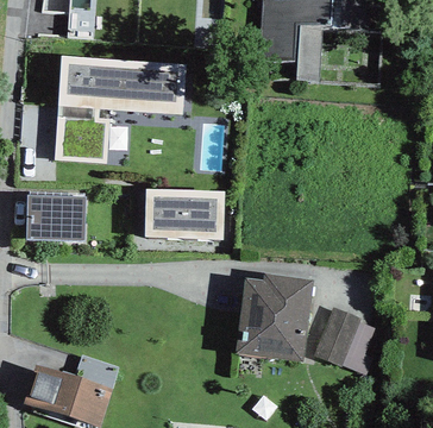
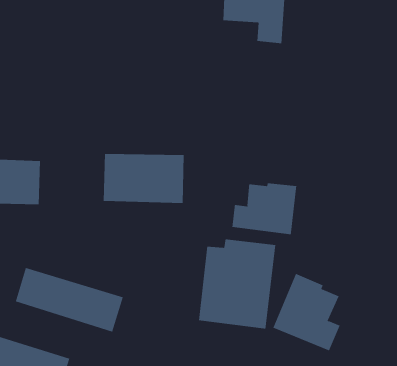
building: [54,55,184,163] -> none
building: none -> [232,182,297,235]
building: none -> [15,267,124,332]

